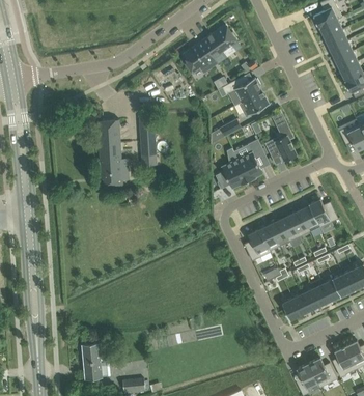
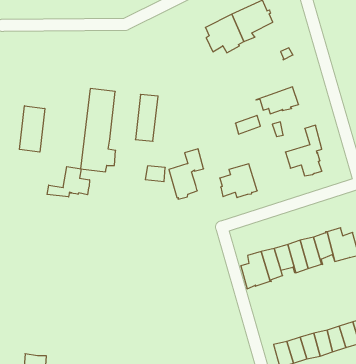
building: [221,76,261,104] -> none
building: [236,140,264,183] -> [169,149,204,199]
building: none -> [19,106,45,152]
building: none -> [47,167,89,197]

